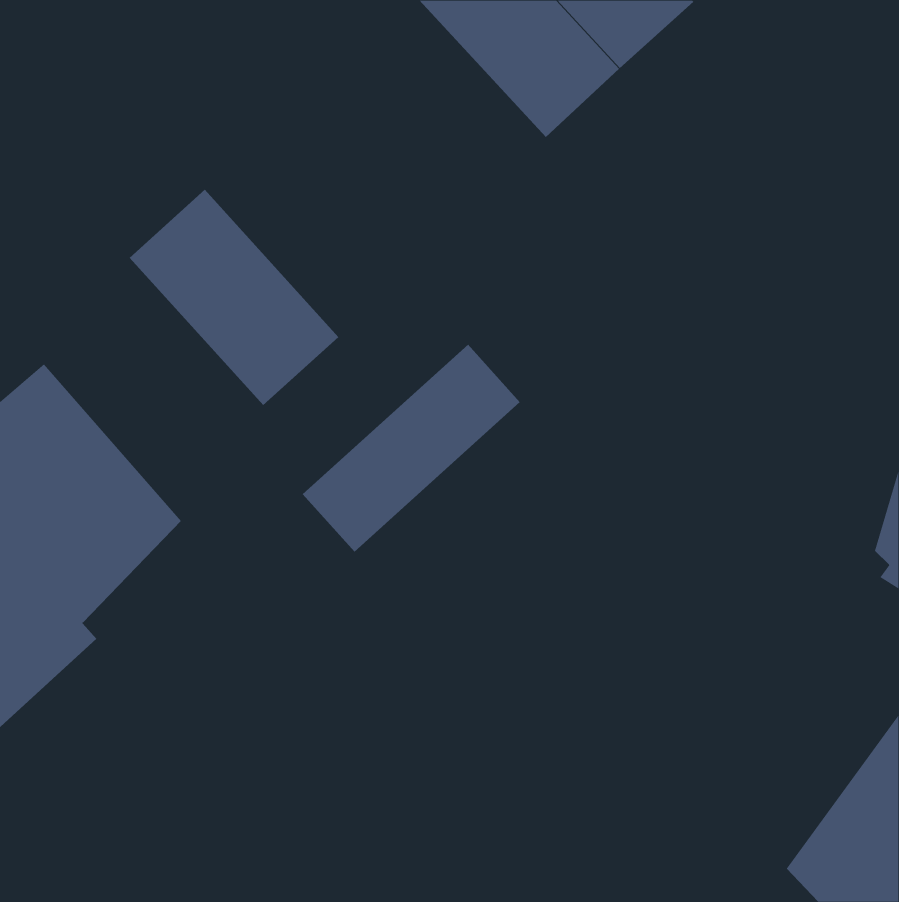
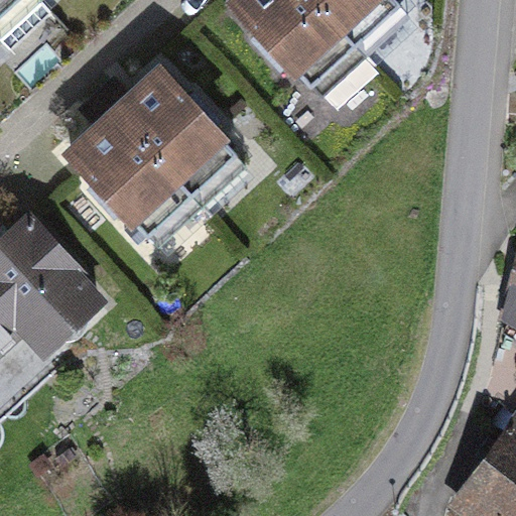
building: none -> [117,69,238,192]
building: [302,344,521,552] -> none

